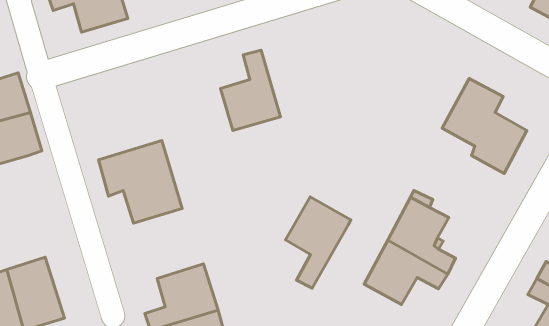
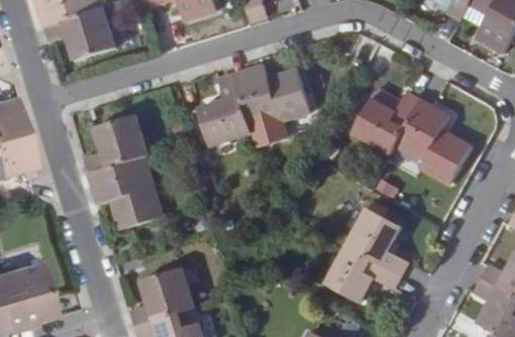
building: none -> [234,66,312,131]
building: none -> [352,93,420,155]
building: none -> [84,115,149,174]
building: [286,197,351,288] -> none

